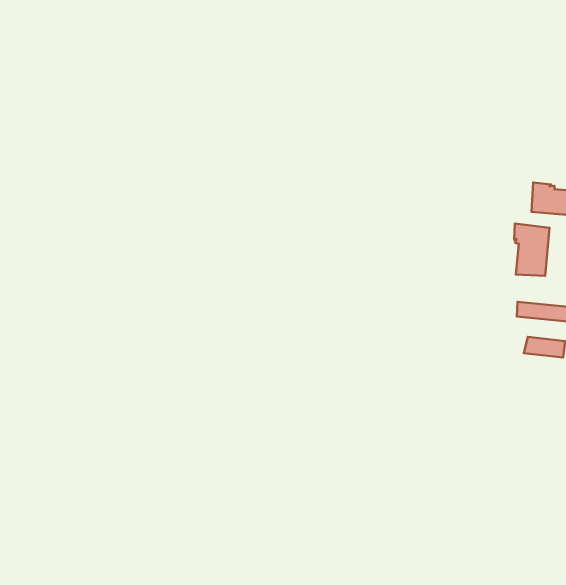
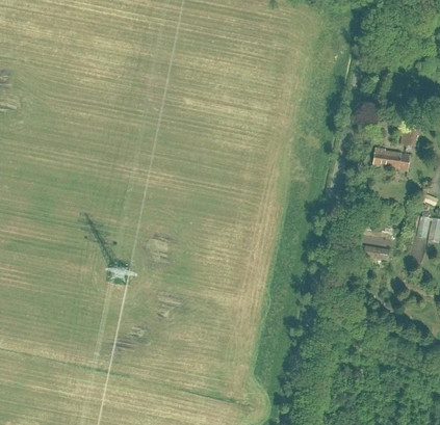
building: [514,224,550,276] -> none

